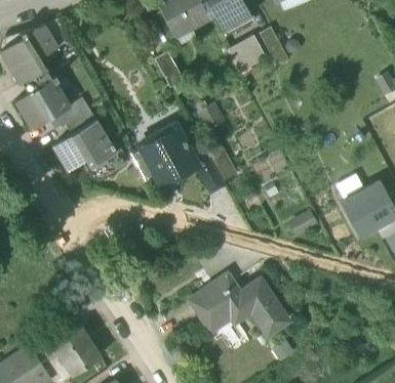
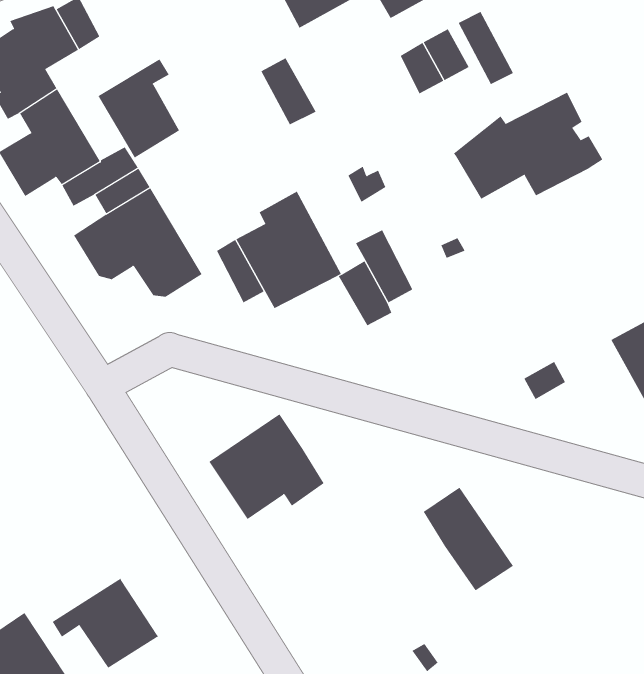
building: none -> [97,59,180,159]
building: none -> [453,92,603,199]
building: [190,273,251,330] -> [208,414,324,520]

